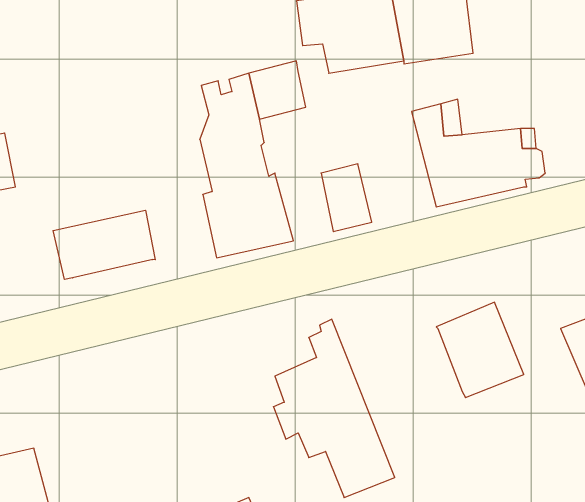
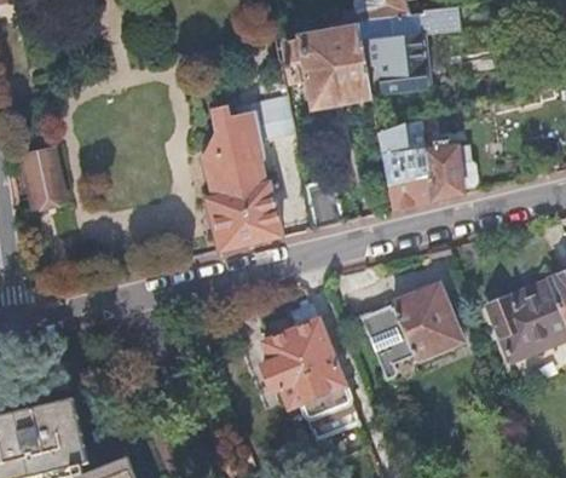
building: [53,210,155,279] -> none
building: none -> [363,301,414,374]

